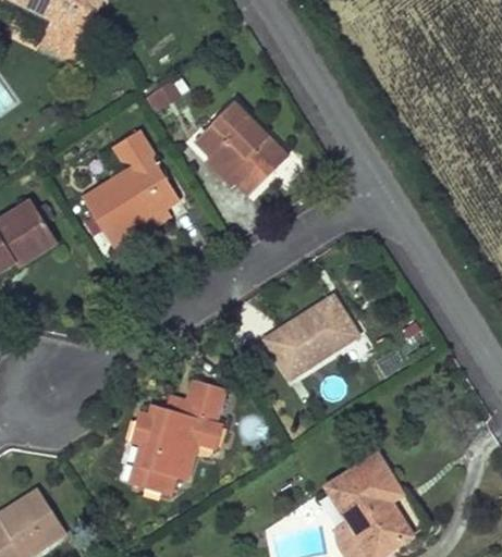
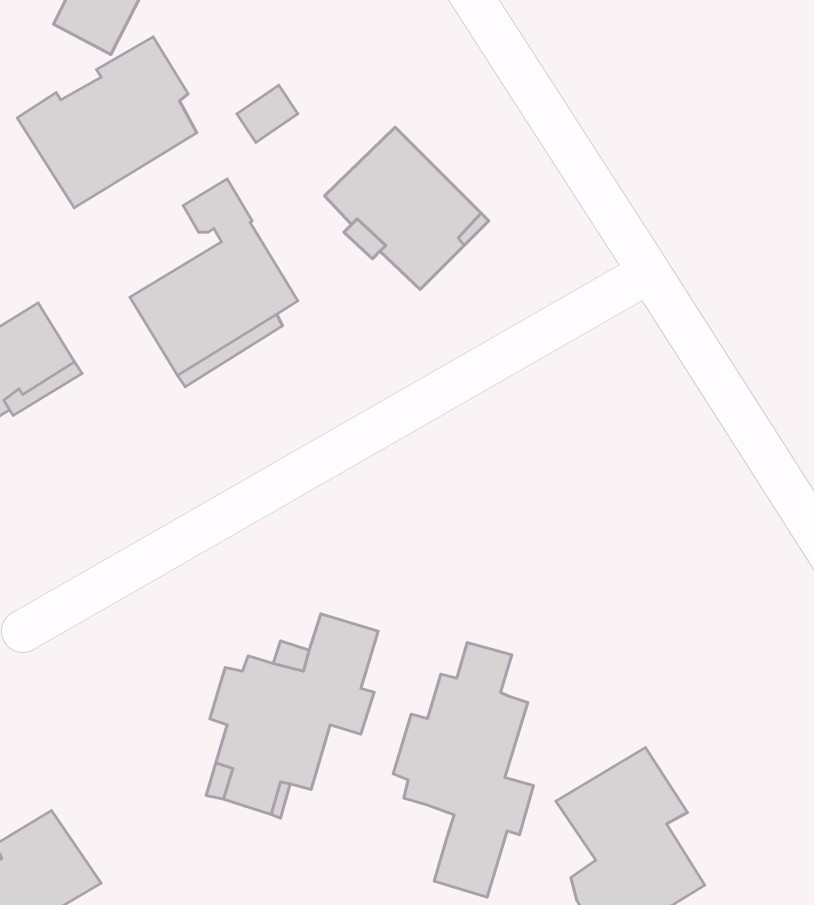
building: none -> [17,37,197,208]
building: [265,296,357,377] -> none
building: none -> [393,643,533,897]

